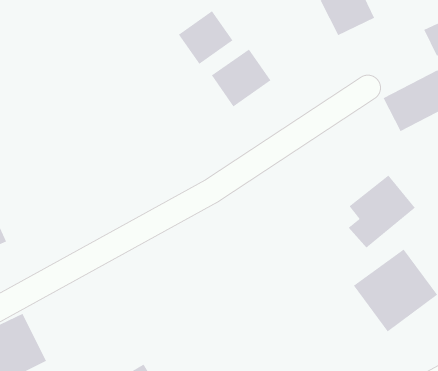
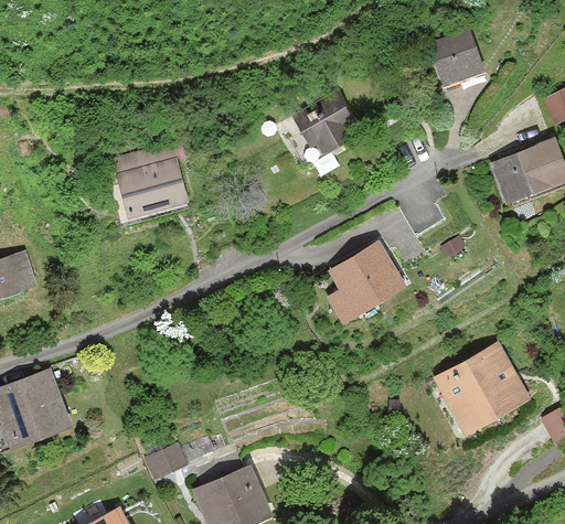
building: [178,10,233,65] -> none
building: none -> [108,160,186,221]
building: [348,174,416,249] -> [323,242,404,324]

